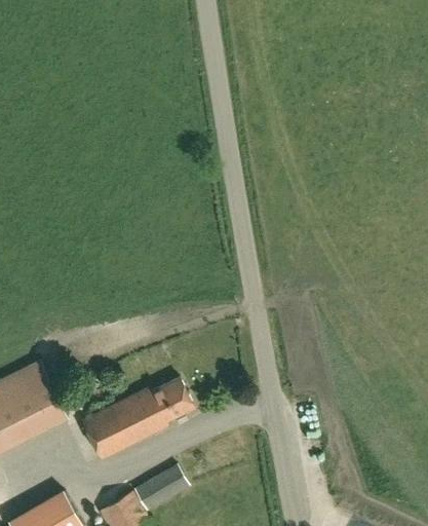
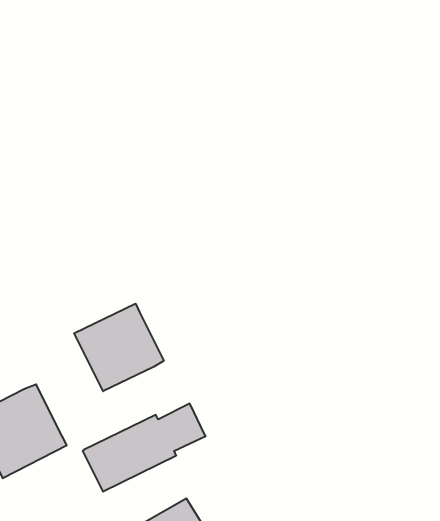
building: none -> [74,304,164,391]

